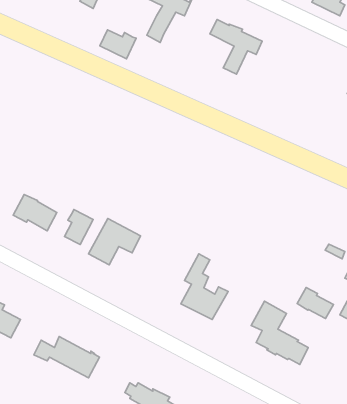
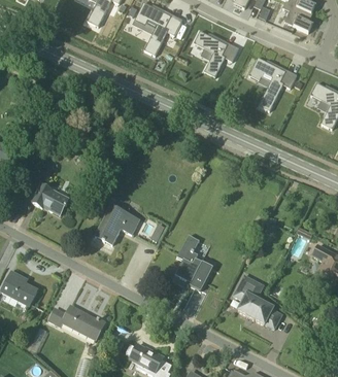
building: [100,30,136,59] -> none
building: none -> [252,61,300,110]
building: [65,209,93,244] -> none
building: [297,287,333,319] -> none

